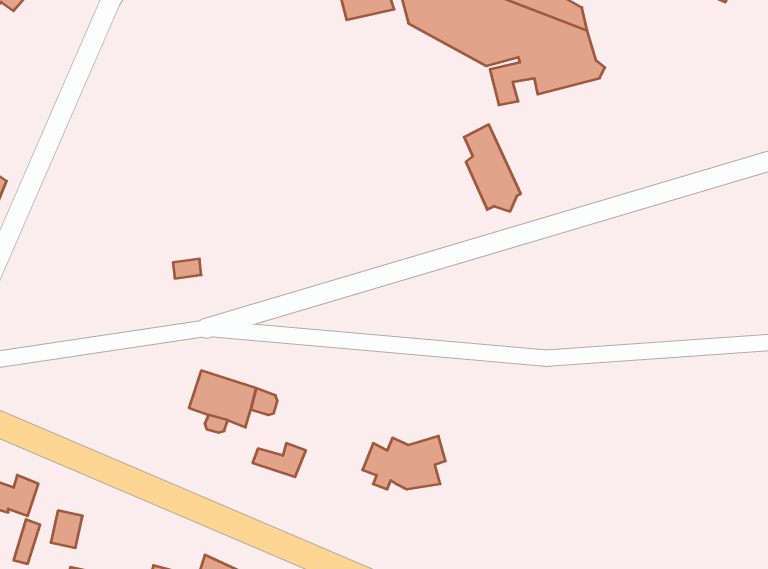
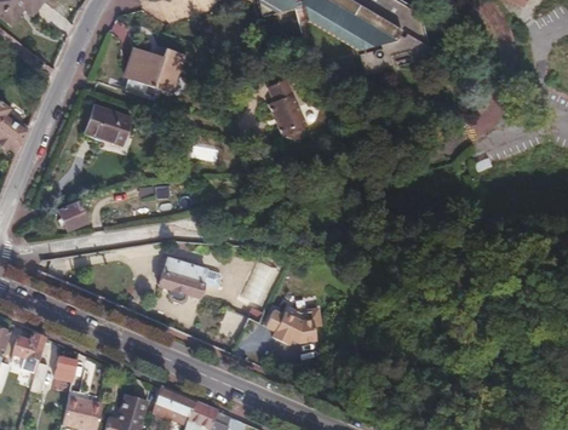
building: none -> [122,47,184,97]
building: [464,125,521,211] -> [268,81,306,141]
building: none -> [84,105,131,147]
building: none -> [57,199,87,230]

